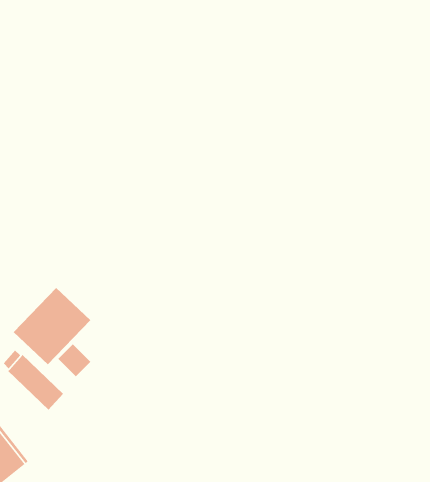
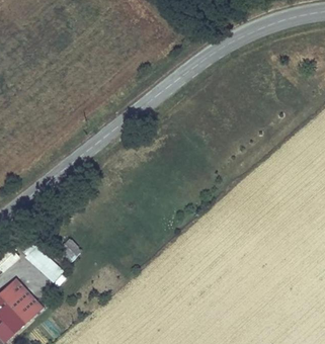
building: [13,287,91,365] -> none

